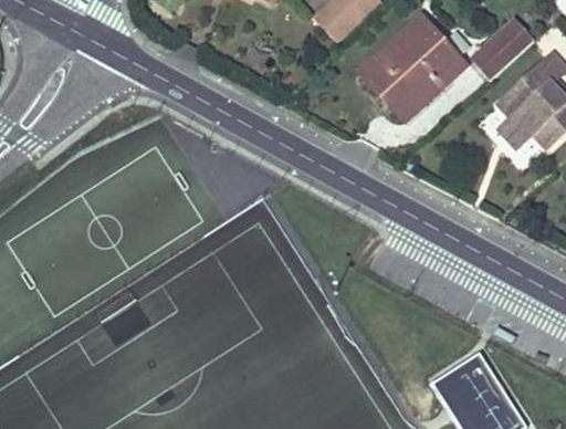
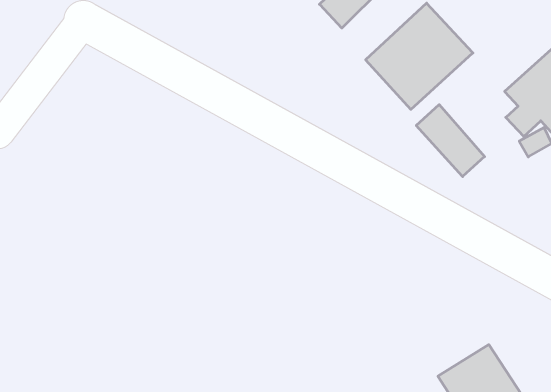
building: [473,20,534,79] -> none
building: none -> [416,105,485,177]

